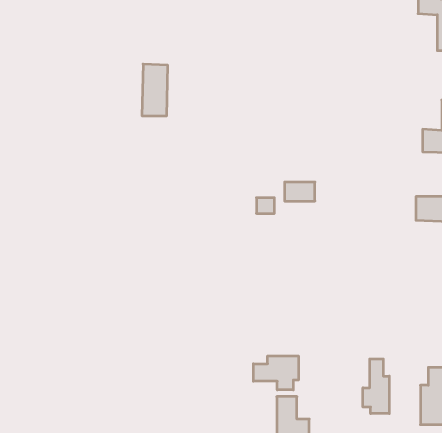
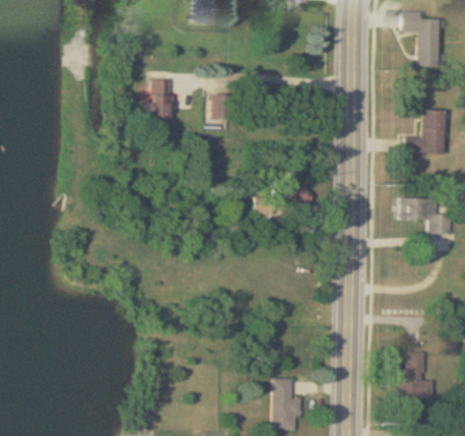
building: none -> [211,95,231,117]
building: [253,356,298,390] -> none
building: [363,359,389,414] -> none

